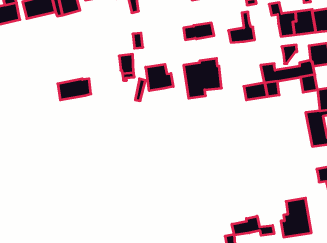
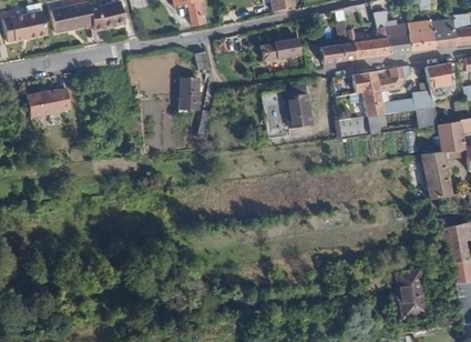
building: none -> [348,27,389,60]
building: none -> [349,71,393,95]
building: [146,64,173,91] -> none
building: [58,79,91,100] -> [28,89,71,117]
building: [232,216,274,235] -> none

